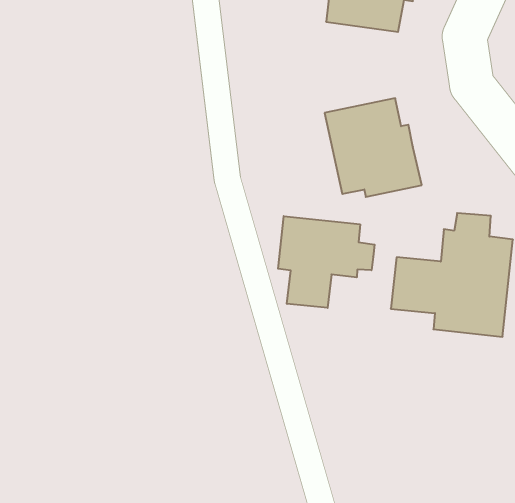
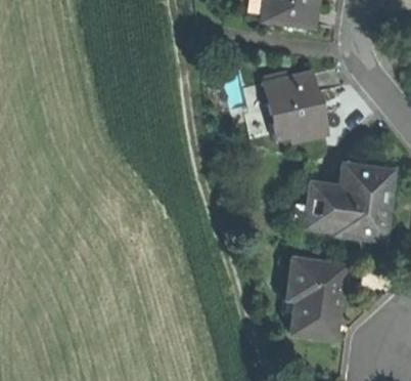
building: [278,216,375,308] -> none
building: none -> [287,259,340,337]

